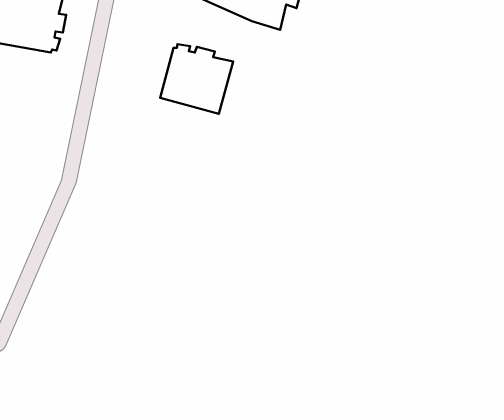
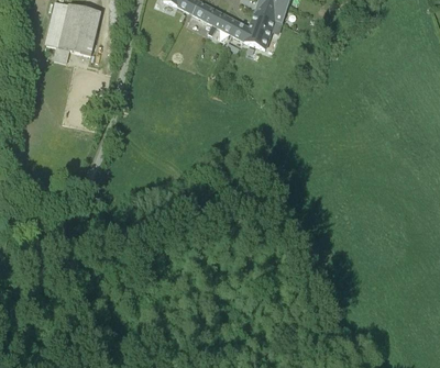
building: [160,44,233,114] -> none

